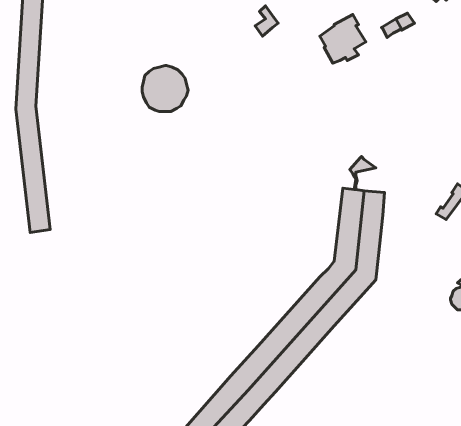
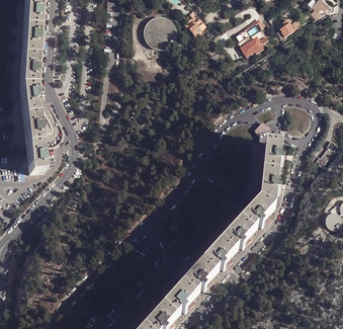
building: [142,66,188,112] -> [144,18,176,51]

